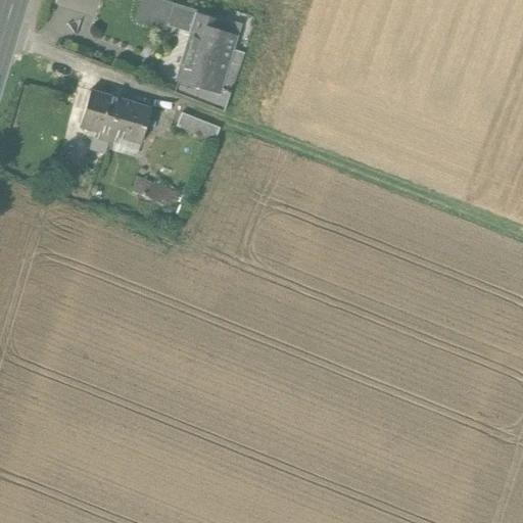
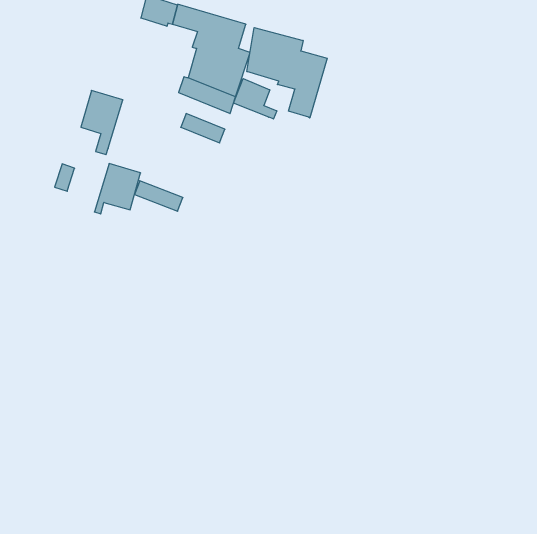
building: none -> [247,28,327,118]
building: none -> [233,79,277,119]
building: [105,97,150,146] -> [94,164,141,214]

